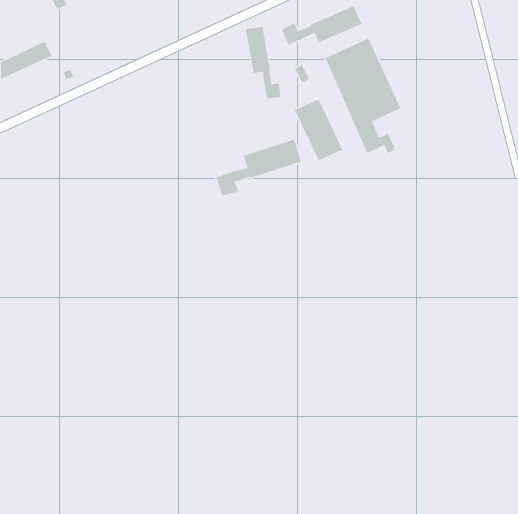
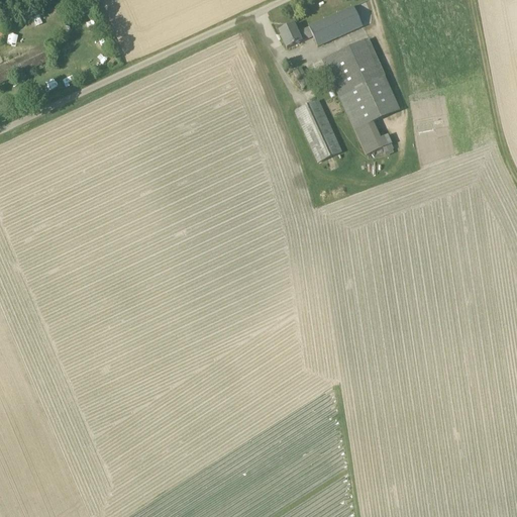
building: [245,26,281,100] -> none
building: [215,138,302,196] -> none

